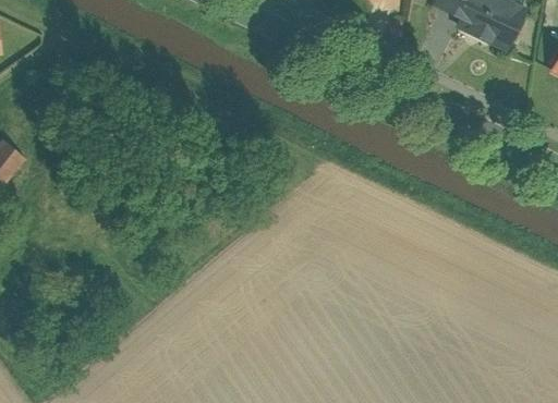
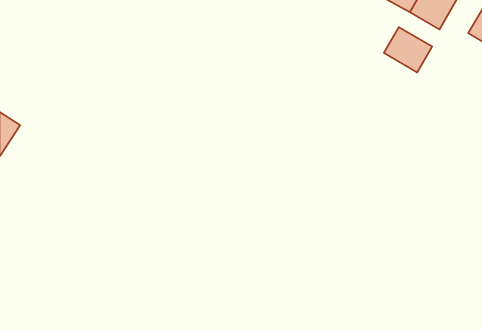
building: none -> [384,27,432,72]

